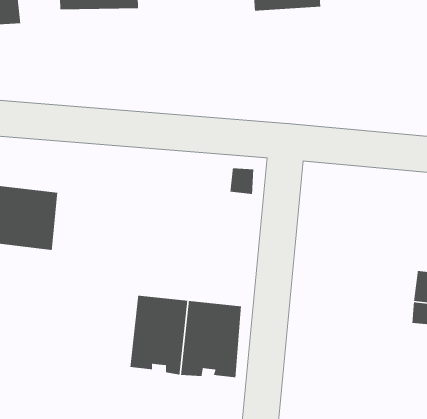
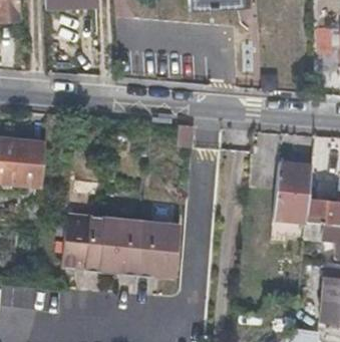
building: none -> [273,164,312,224]
building: none -> [61,216,104,274]

